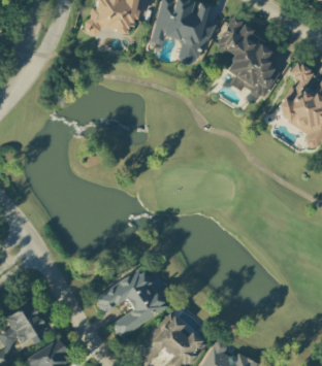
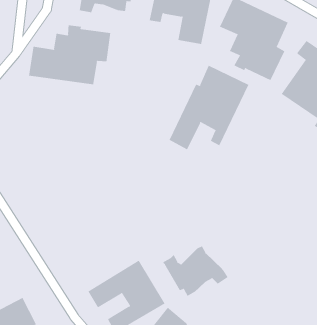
building: none -> [29,25,111,85]
building: none -> [169,65,249,150]
building: none -> [162,246,229,297]

